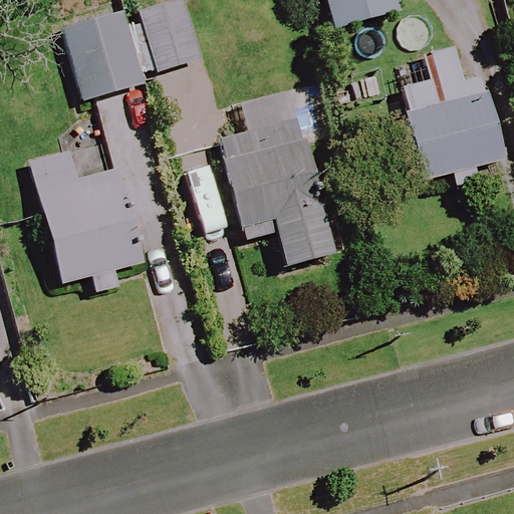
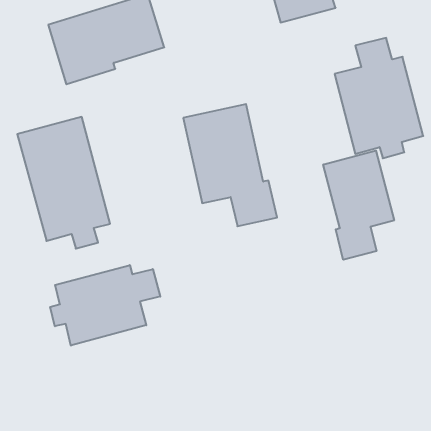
building: none -> [323,151,394,260]
building: none -> [50,265,160,346]

